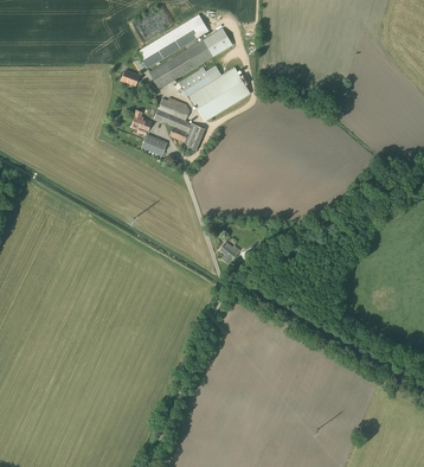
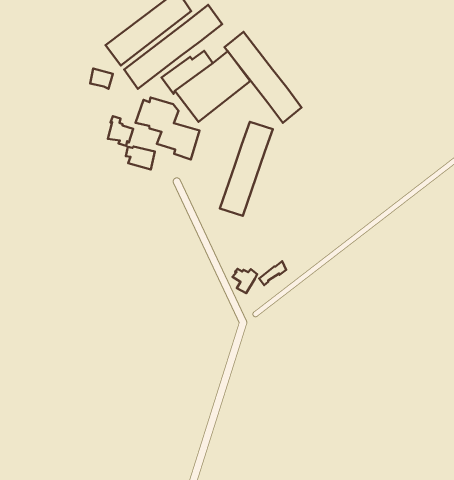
building: none -> [225,32,302,123]
building: none -> [220,122,273,216]

